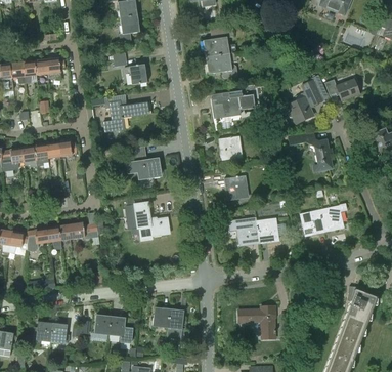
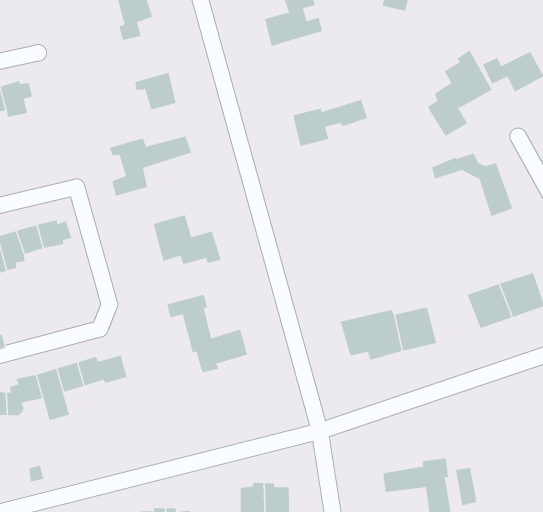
building: [205,51,237,78] -> none
building: [218,135,243,159] -> none
building: [223,174,248,198] -> none

